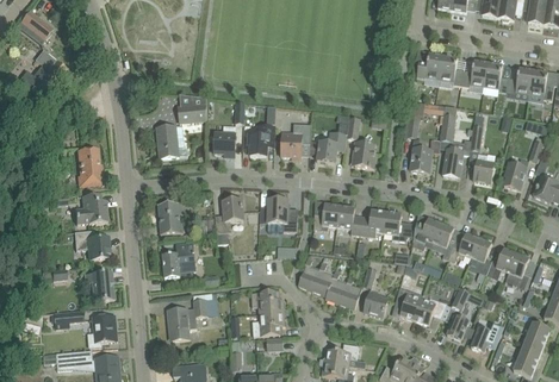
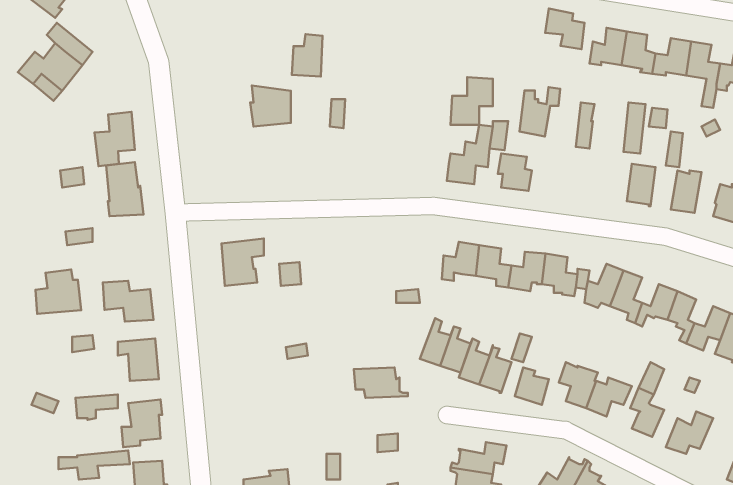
building: none -> [545,9,584,49]
building: none -> [95,112,135,166]
building: [280,123,310,156] -> [450,77,493,125]
building: [156,124,187,157] -> none
building: [213,124,235,154] -> [292,34,322,77]
building: [247,124,274,155] -> none
building: [410,138,439,173] -> [520,87,560,136]
building: [74,193,106,224] -> [35,270,81,314]
building: [215,199,243,243] -> none
building: [267,199,297,231] -> none
building: [162,242,195,277] -> none
building: [167,292,213,339] -> none
building: [253,311,288,336] -> none

